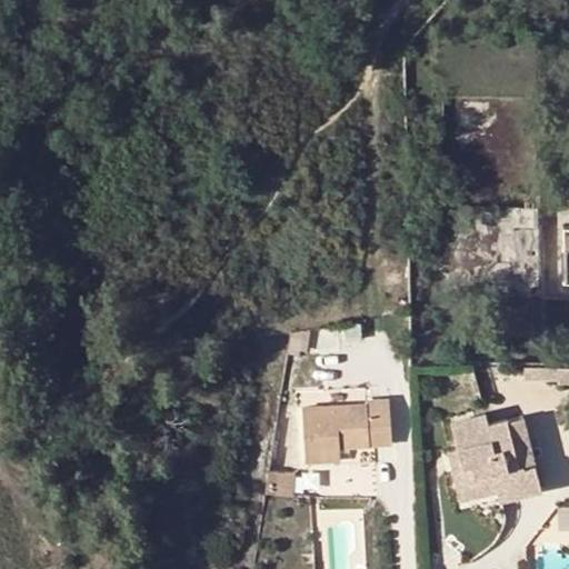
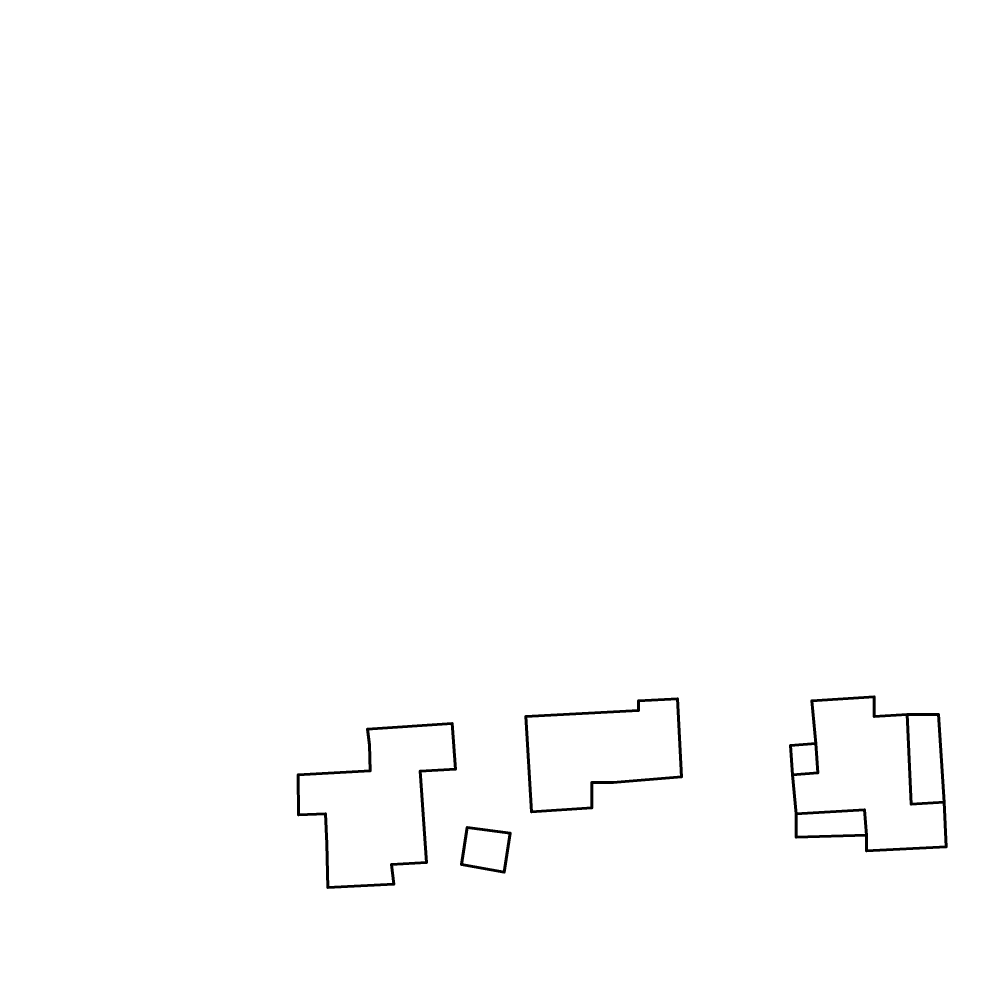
building: none -> [298,724,455,888]

